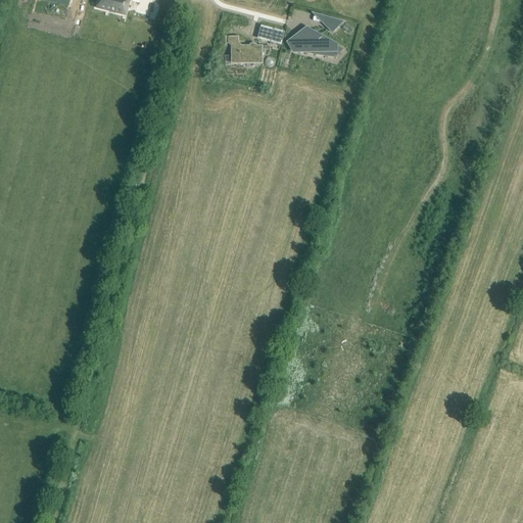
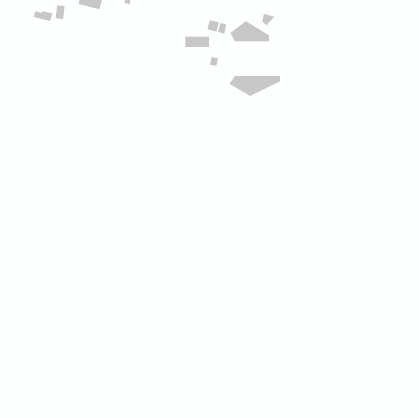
building: none -> [229,75,281,97]

